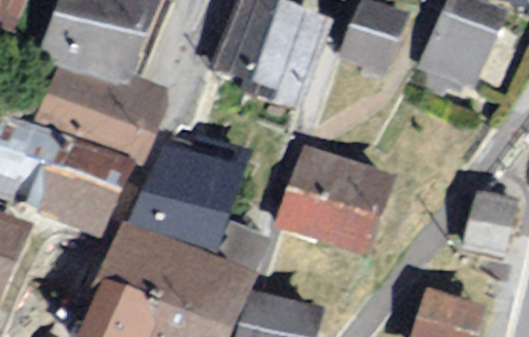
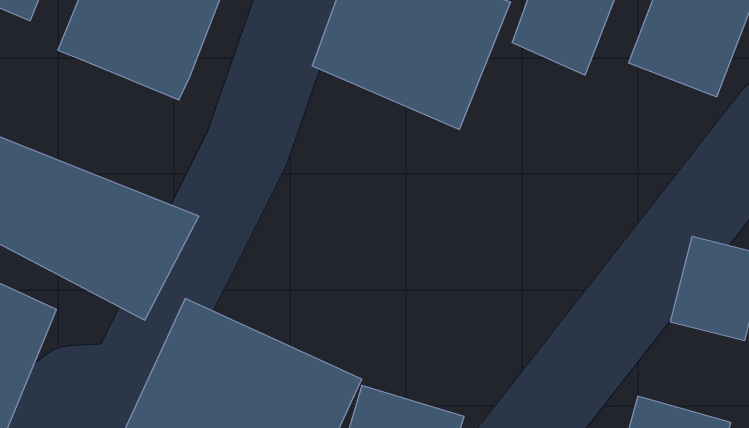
building: [32,65,169,167] -> none
building: [278,146,405,261] -> none
building: [132,147,249,249] -> none

